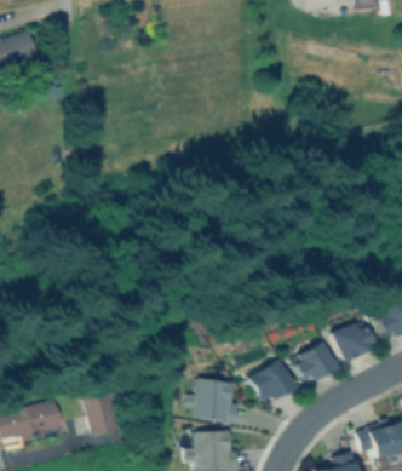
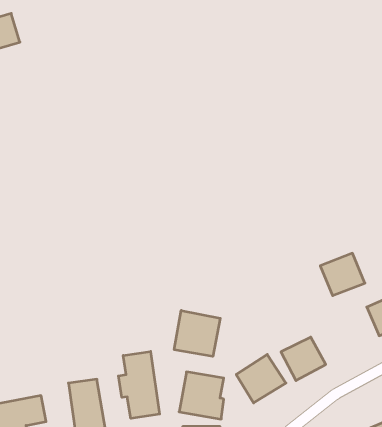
building: none -> [174,310,220,356]
building: [332,321,375,362] -> [320,253,365,296]
building: none -> [118,351,160,418]

